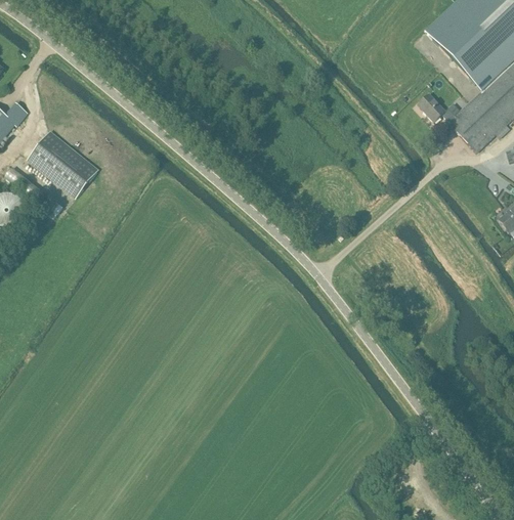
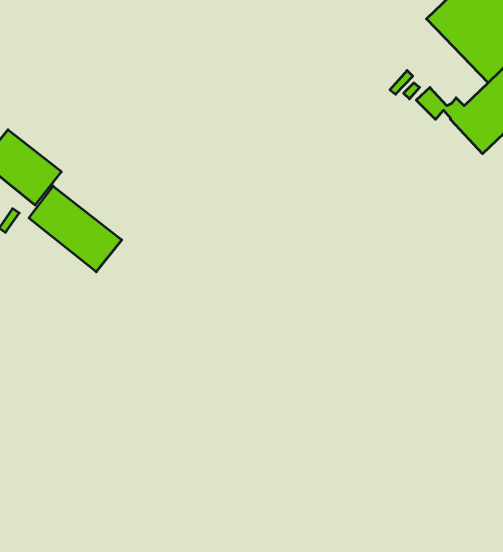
building: none -> [29,186,122,272]

